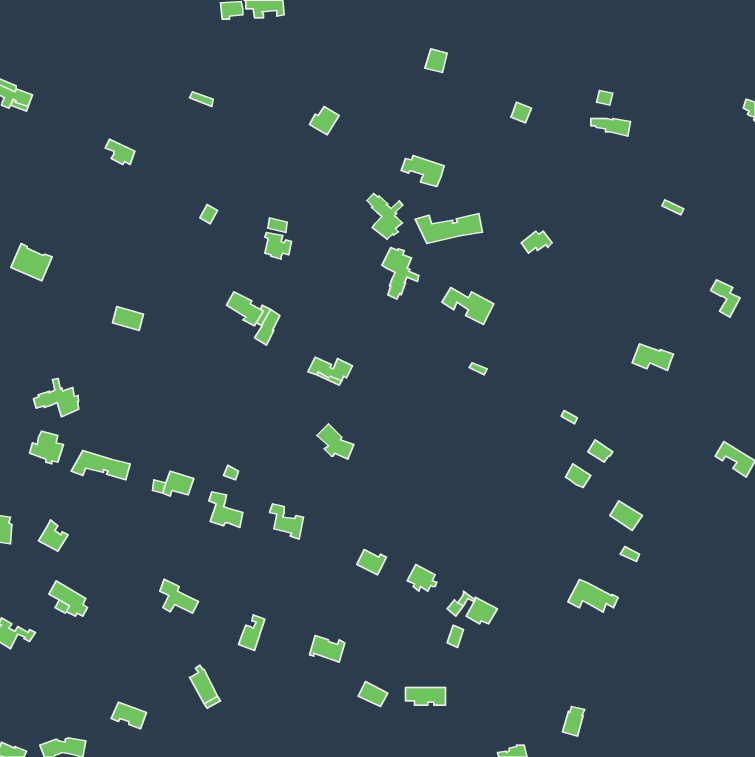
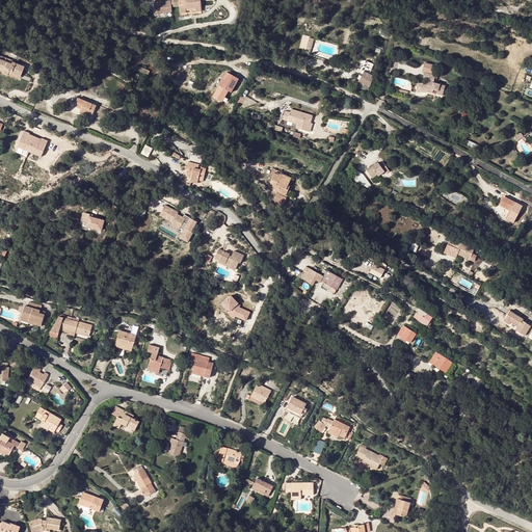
building: [367,194,403,239] -> none
building: [415,214,482,243] -> none
building: [11,244,52,281] -> [16,132,45,158]
building: [442,287,494,324] -> [304,267,341,293]
building: [34,378,79,417] -> none
building: [568,580,618,612] -> [351,447,387,470]

